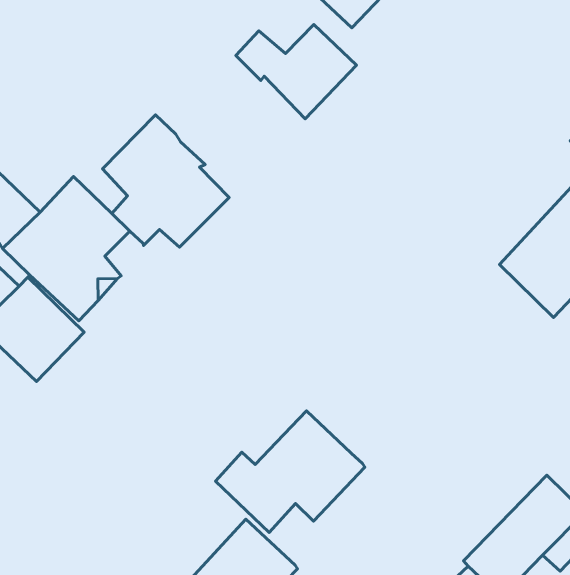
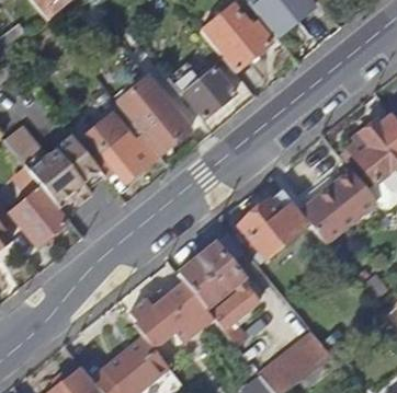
building: none -> [116,79,188,154]
building: none -> [239,188,309,257]
building: none -> [179,244,258,345]

